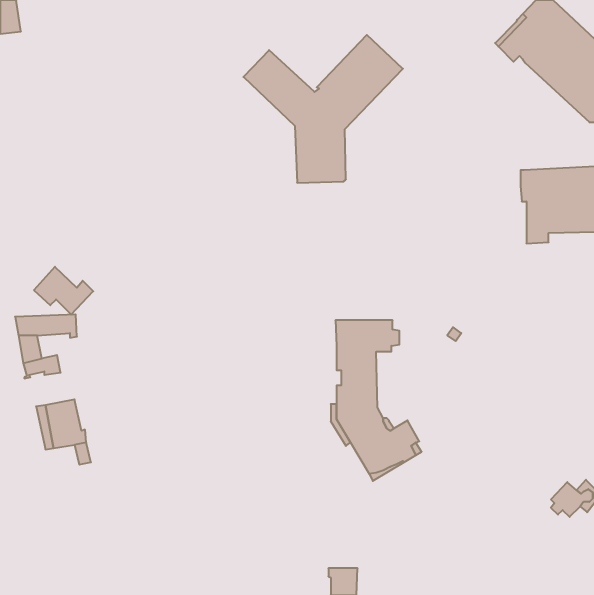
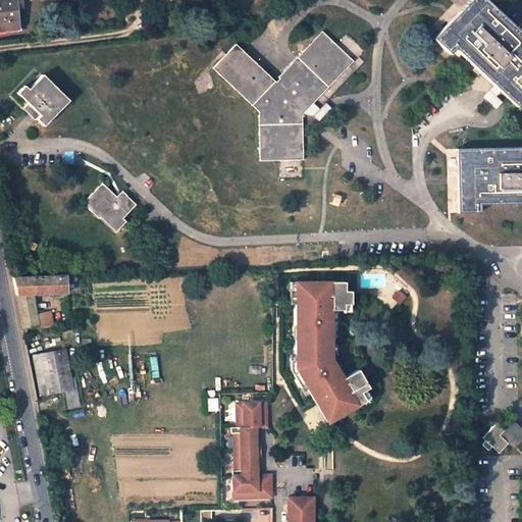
building: none -> [18,73,69,125]
building: [34,267,93,315] -> [85,182,137,224]
building: none -> [233,403,272,499]

